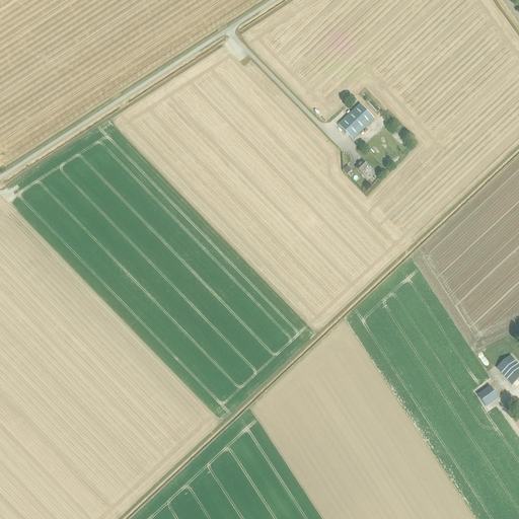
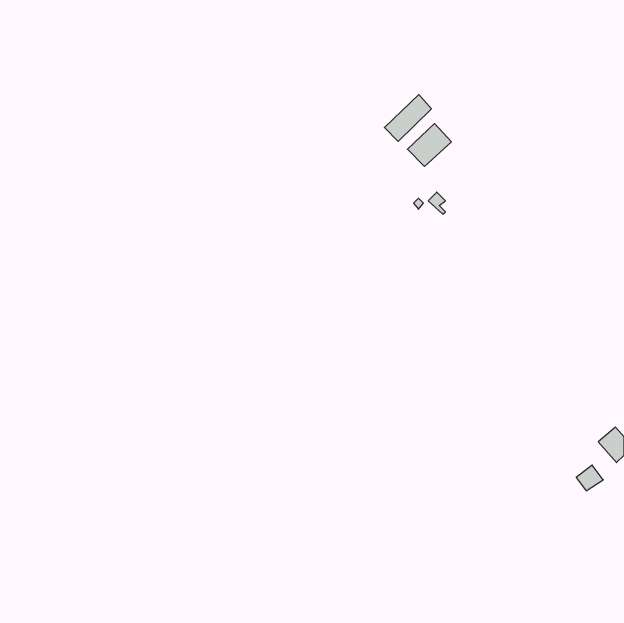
building: none -> [384,95,431,141]

